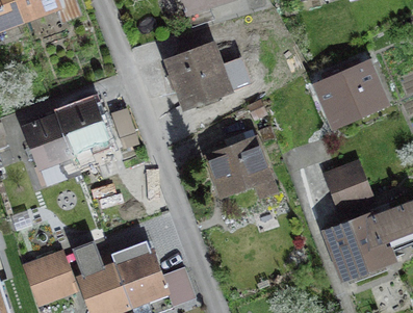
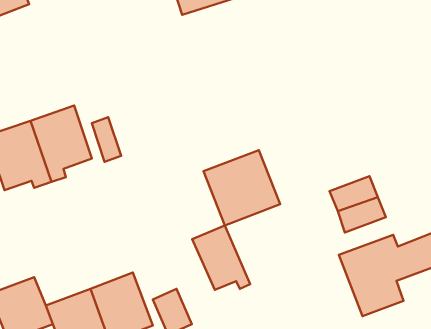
building: [169,41,237,109] -> none
building: [319,60,397,129] -> none
building: none -> [192,225,250,290]

